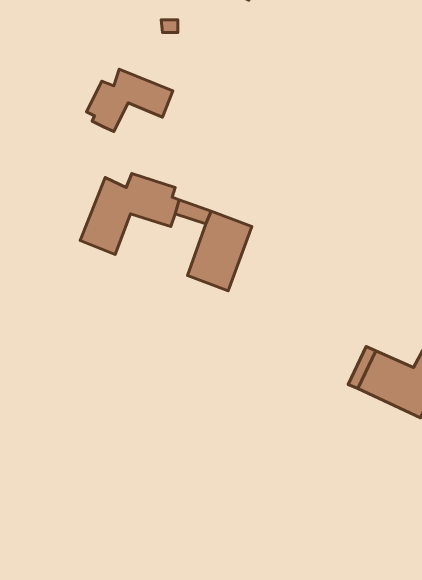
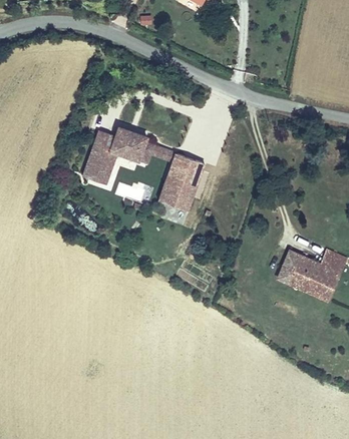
building: [87,69,173,131] -> none

